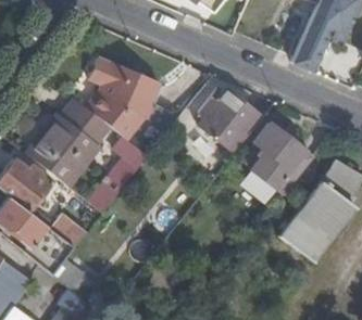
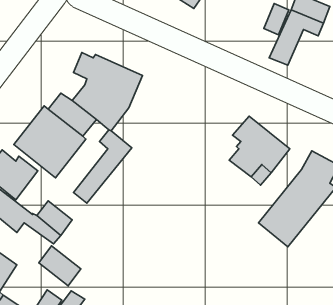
building: [199,89,259,149] -> none

